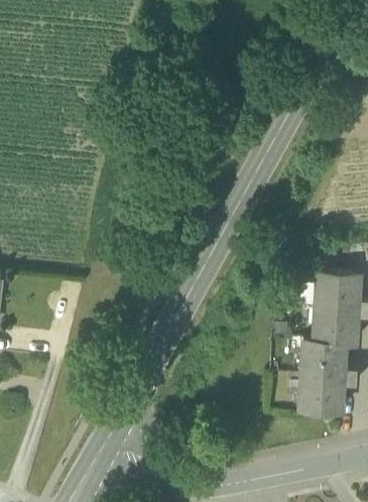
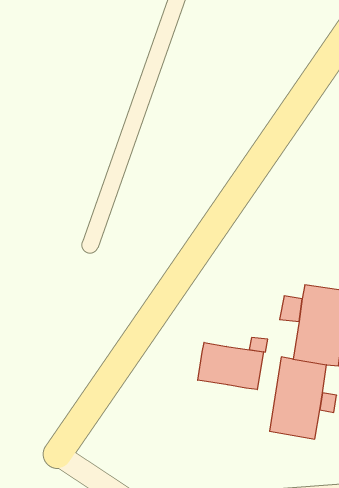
building: none -> [198,342,264,390]

